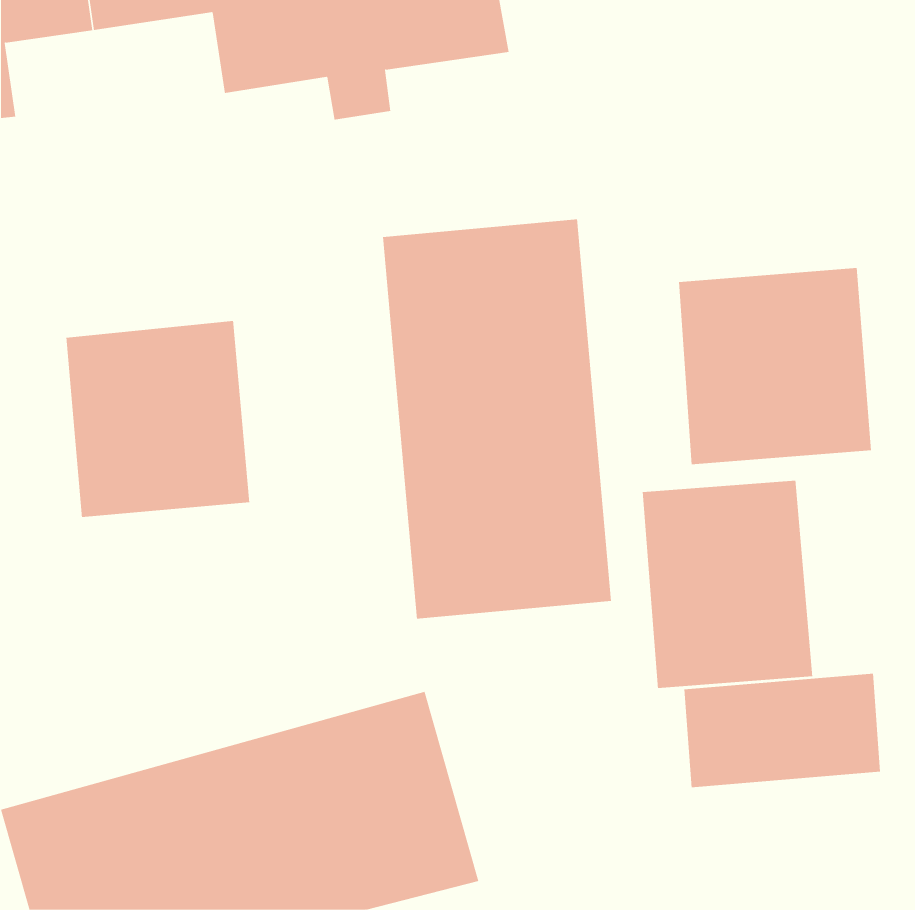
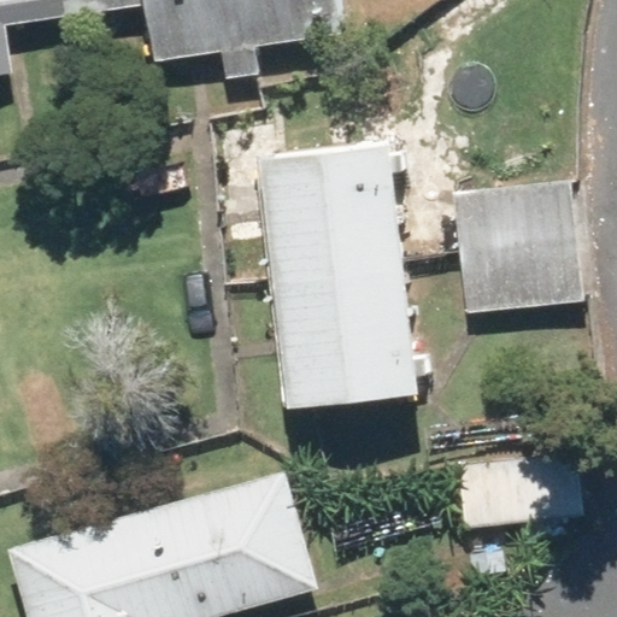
building: [66,320,250,518] -> none
building: [642,480,813,689] -> none

